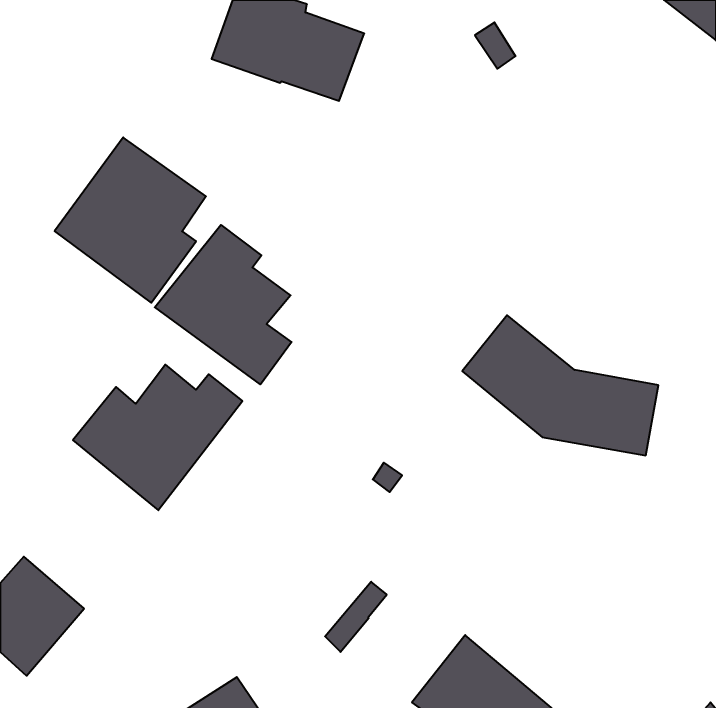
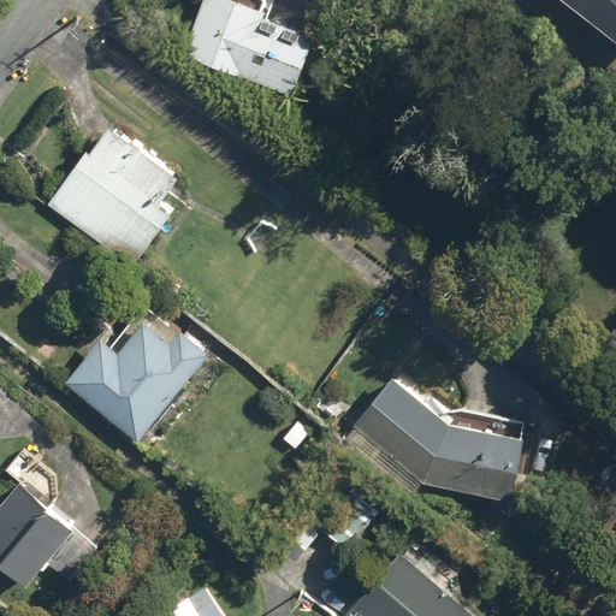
building: [155,225,292,384] -> none
building: [462,315,658,455] -> [353,379,521,499]

